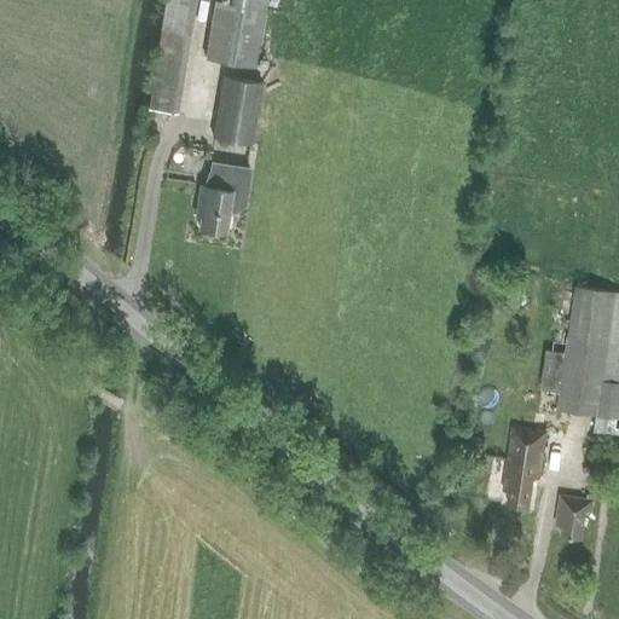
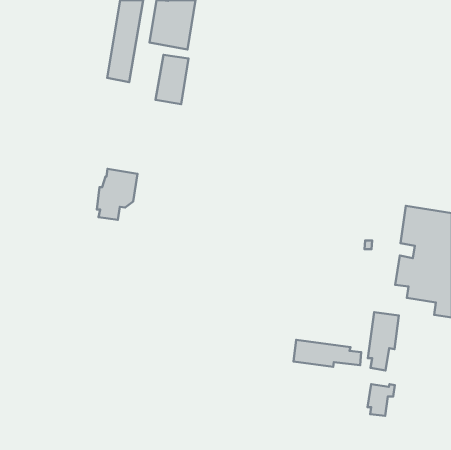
building: [197,162,253,232] -> [97,169,137,220]
building: none -> [294,340,361,367]
building: [557,497,595,540] -> [368,384,395,416]

